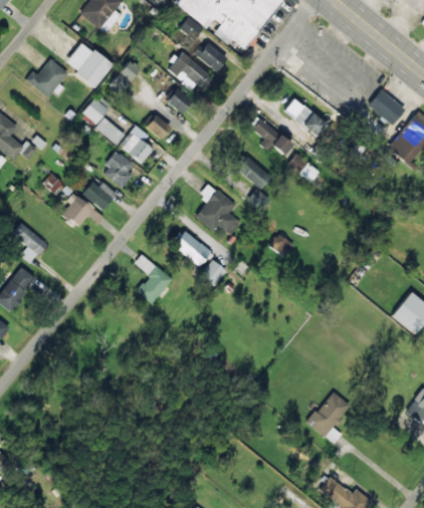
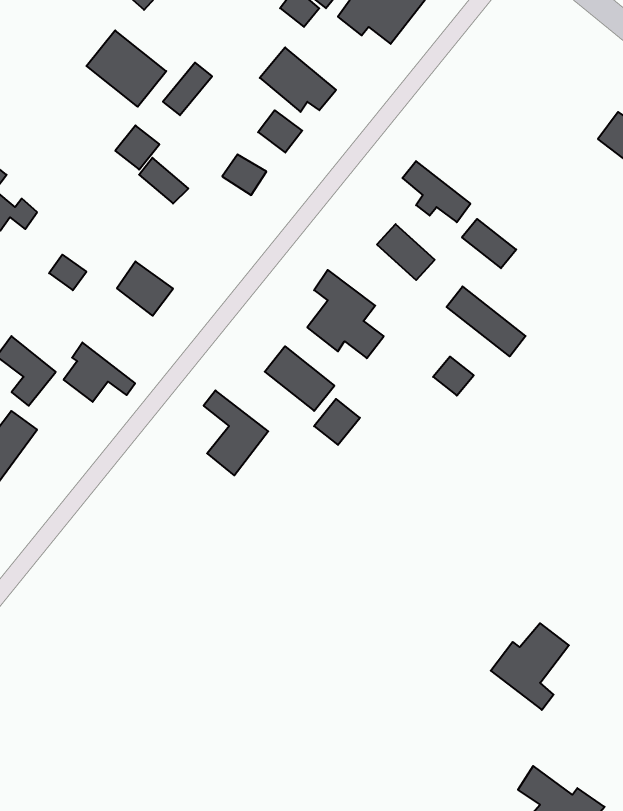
building: [193,43,227,71] -> none
building: [26,58,68,97] -> none
building: [283,98,329,137] -> none
building: [120,124,154,163] -> none
building: [101,151,135,188] -> none
building: [62,192,104,227] -> [64,342,135,402]
building: none -> [447,286,526,356]

